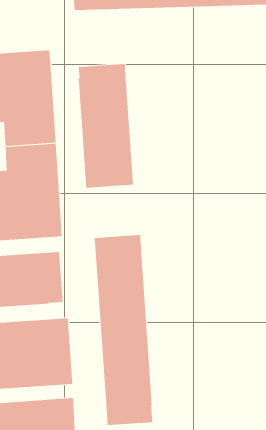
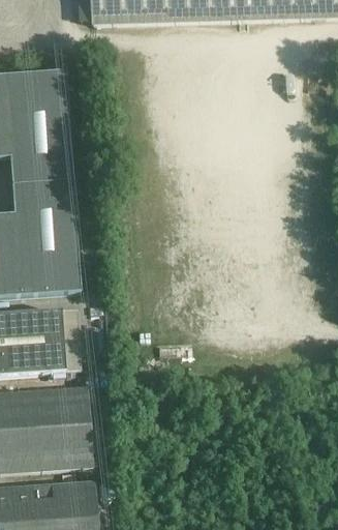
building: [78,63,134,189] -> none
building: [94,234,153,426] -> none

